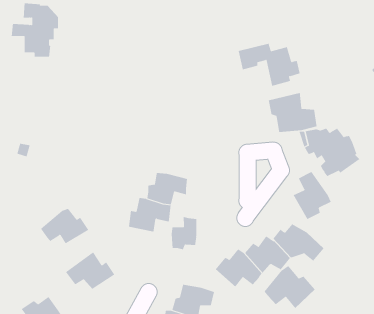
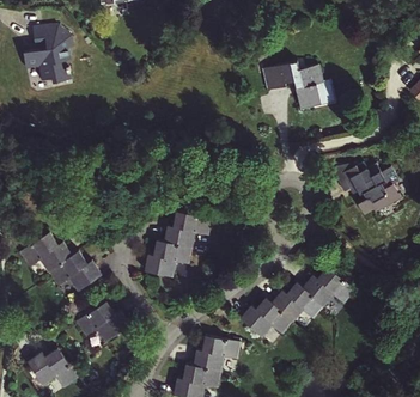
building: [268,92,317,133] -> none
building: [293,171,331,220] -> none
building: none -> [16,230,69,271]
building: [171,216,197,250] -> none
building: [264,265,315,309] -> none

